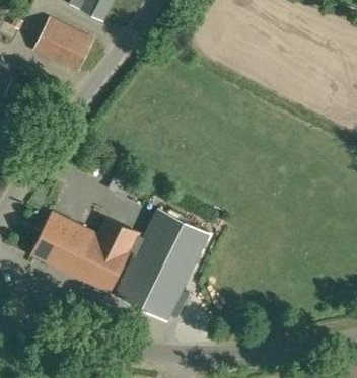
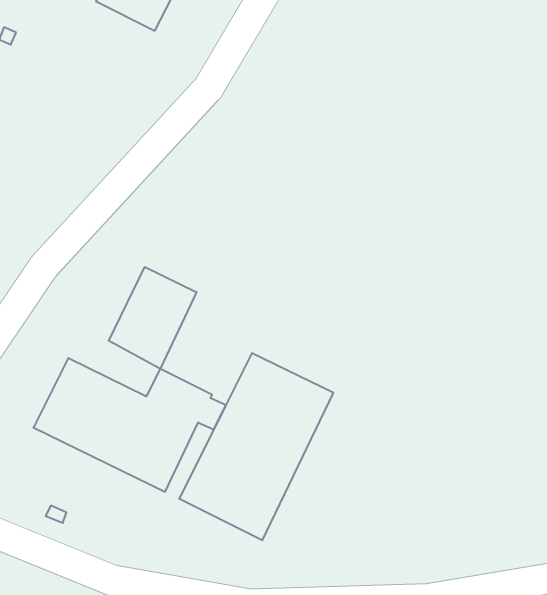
building: [31,16,94,73] -> none
building: none -> [109,267,197,369]

